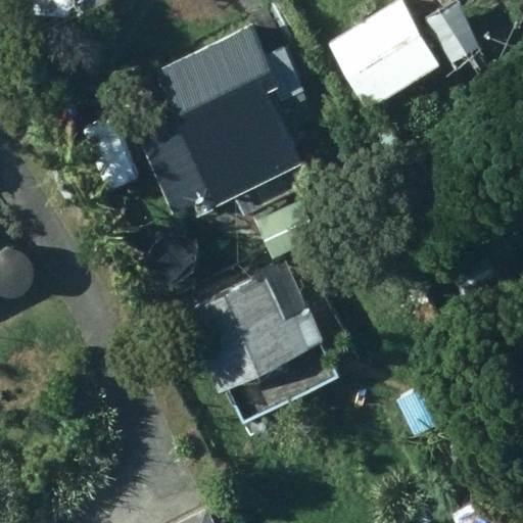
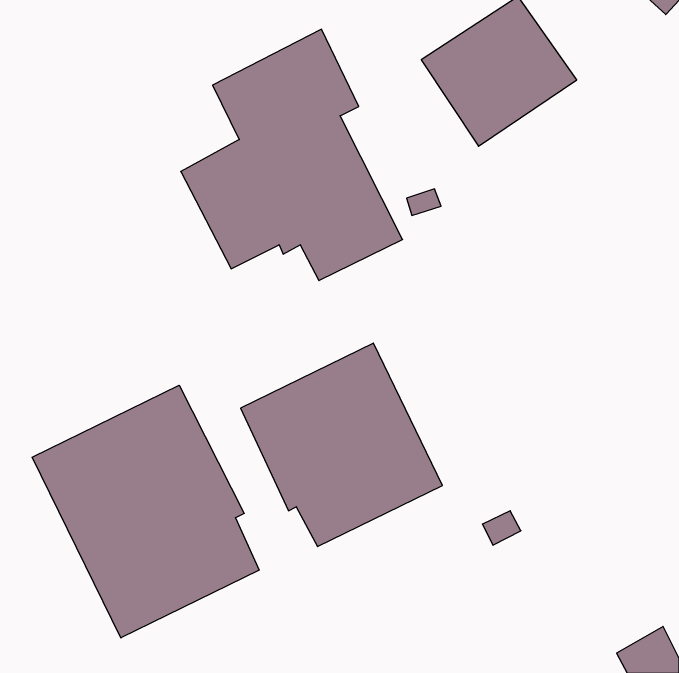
building: none -> [32,385,259,638]

